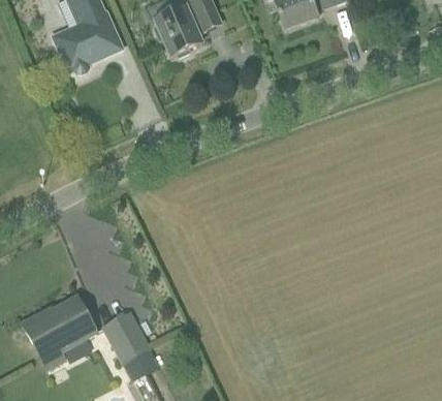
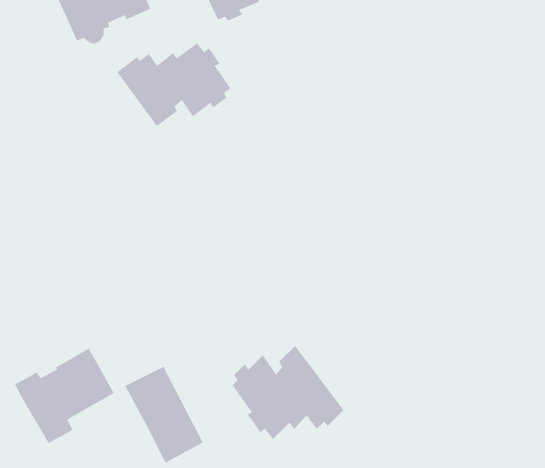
building: none -> [116,42,231,127]
building: none -> [232,345,344,440]

